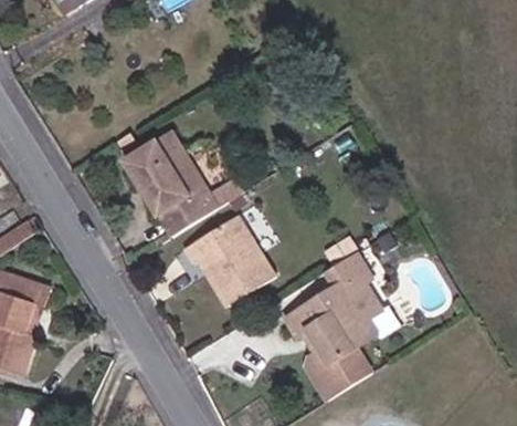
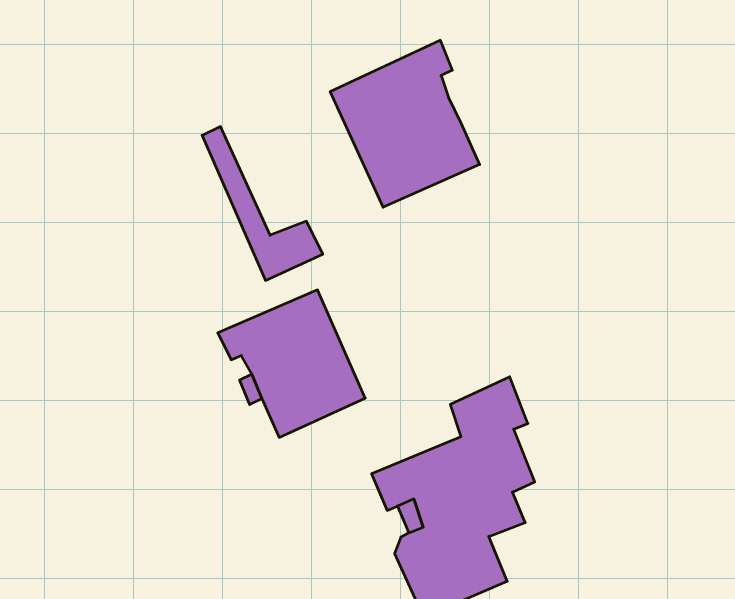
building: none -> [330,40,480,207]
building: [120,135,207,237] -> none

